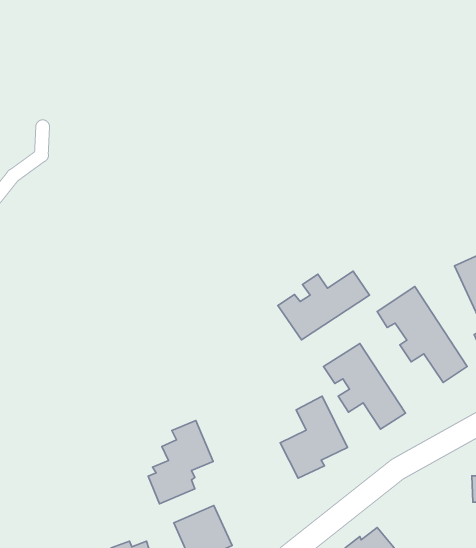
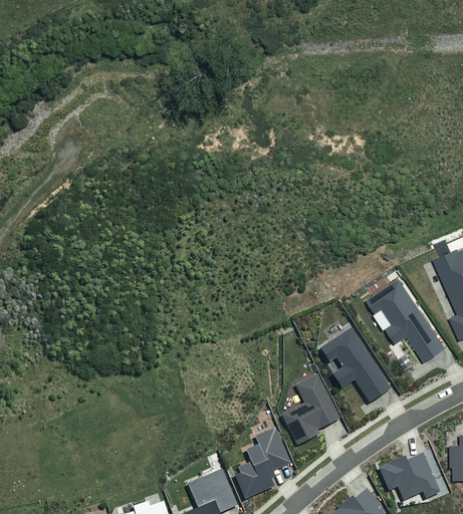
building: [278,271,369,340] -> none
building: [148,420,213,504] -> [233,427,290,500]
building: none -> [378,453,440,500]

